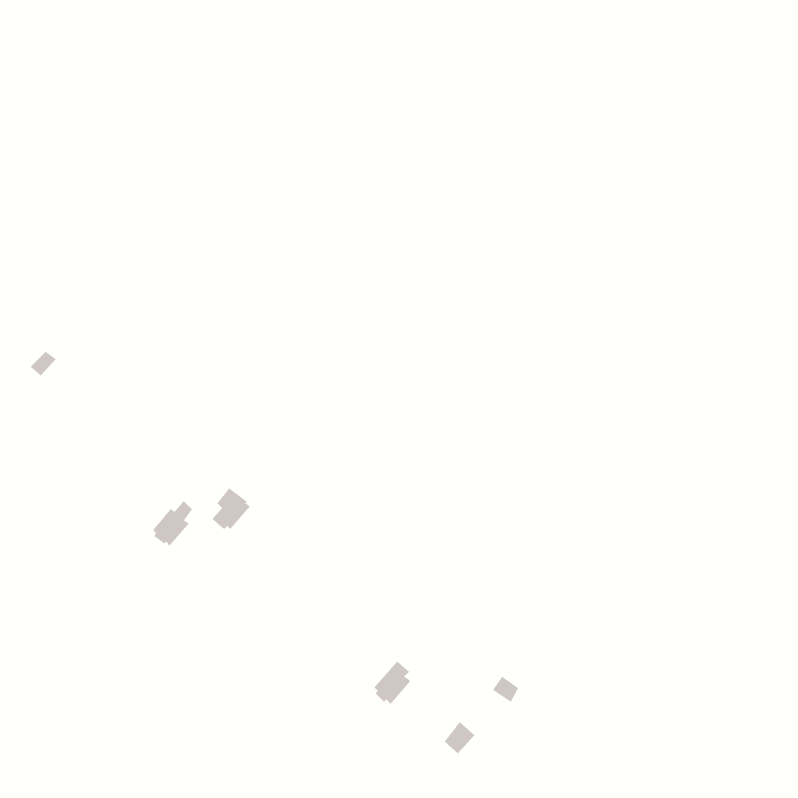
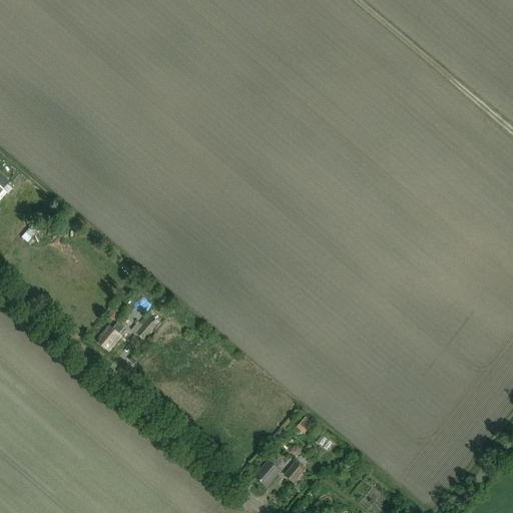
building: [374,661,411,705] -> [255,457,280,485]

